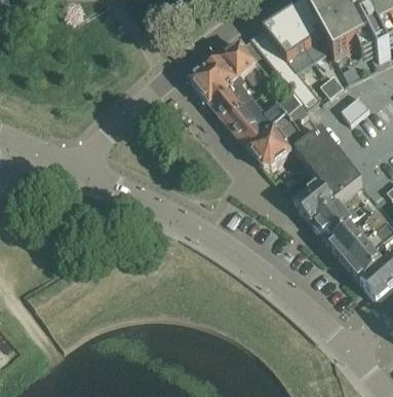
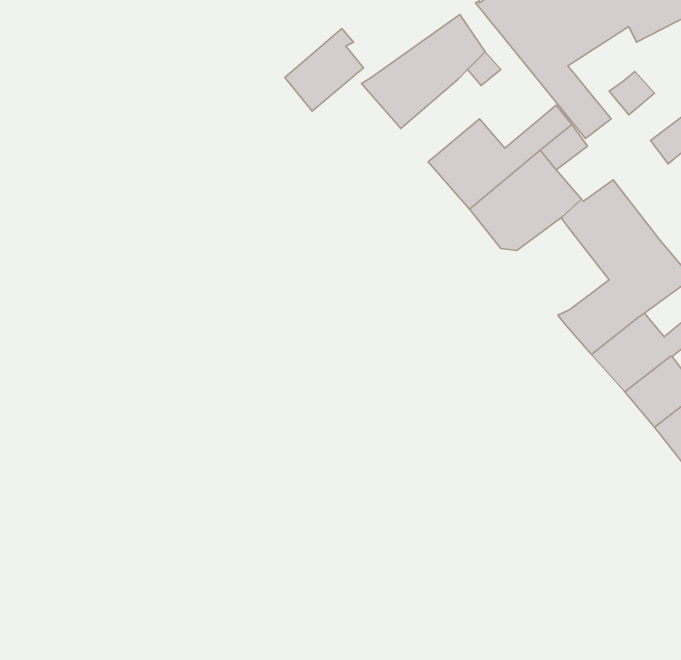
building: [209,74,250,117] -> [285,29,363,111]

